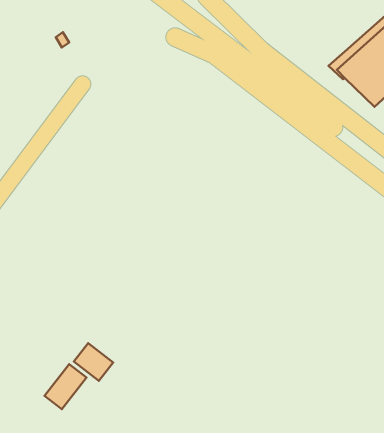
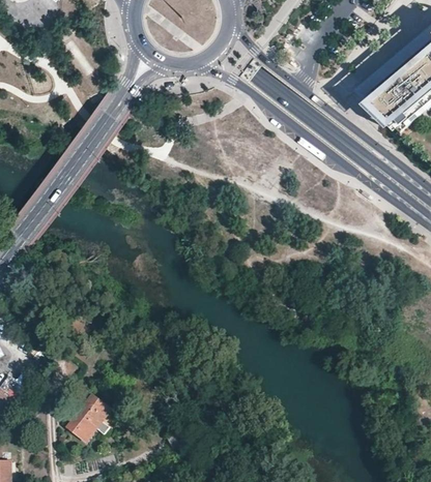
building: [74,343,113,381] -> none

